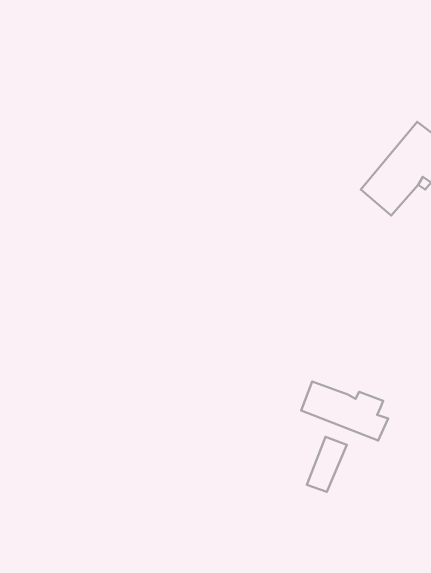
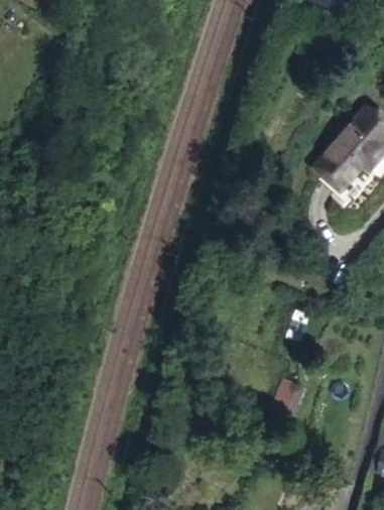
building: [301,382,388,441] -> none

